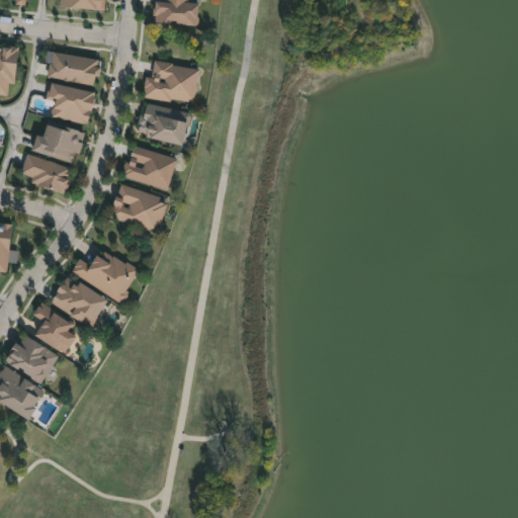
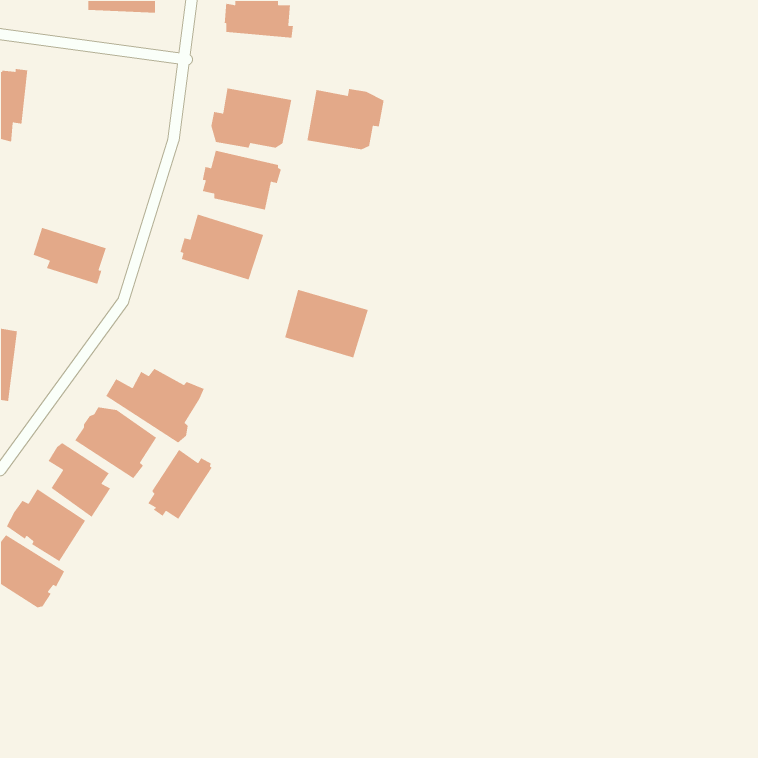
building: [47,53,100,86] -> none
building: none -> [306,88,385,150]
building: [45,83,93,125] -> none
building: [29,124,84,164] -> none
building: [110,184,168,232] -> [284,289,369,358]
building: none -> [147,449,212,520]

